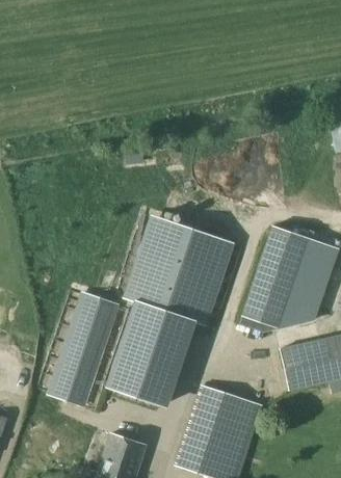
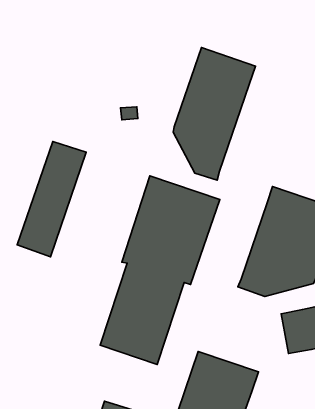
building: none -> [173,48,256,180]
building: [52,293,119,404] -> [17,141,86,257]

